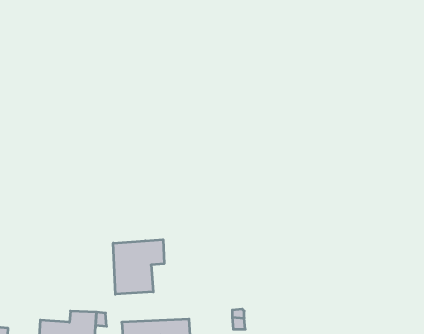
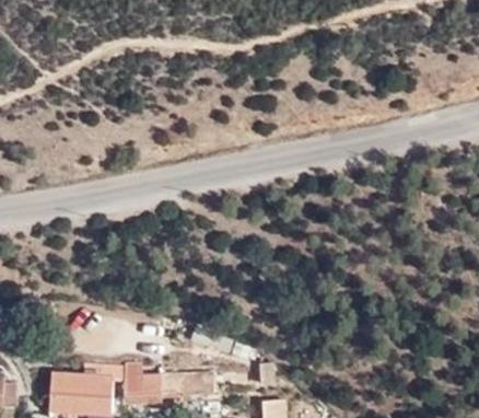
building: [113,240,164,294] -> none

